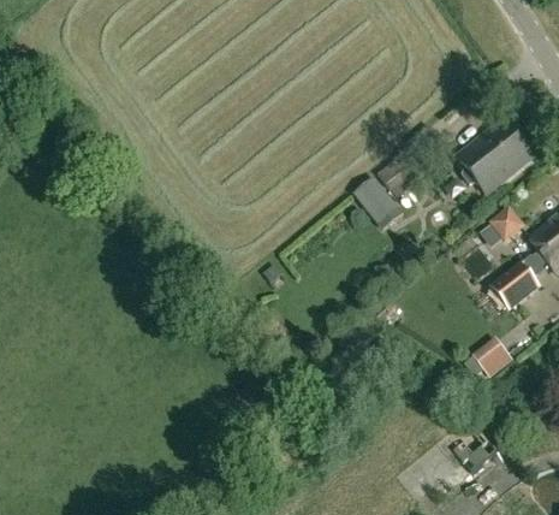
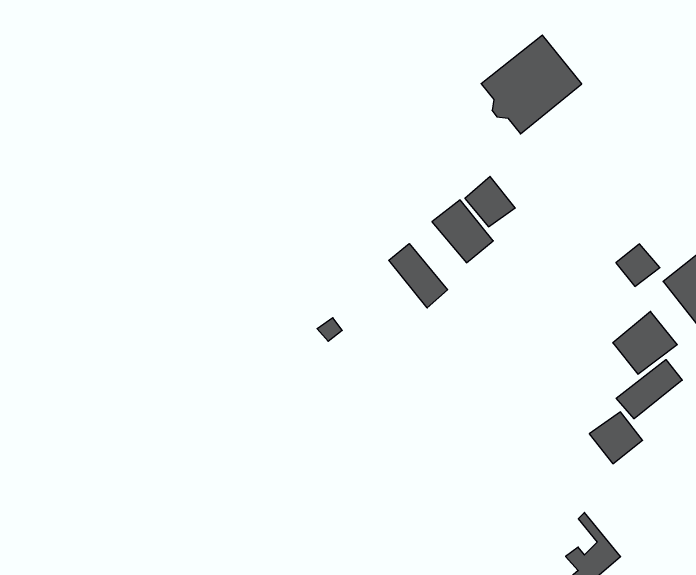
building: [456,119,533,195] -> [481,35,582,134]
building: none -> [389,244,448,308]
building: none -> [616,360,682,419]

